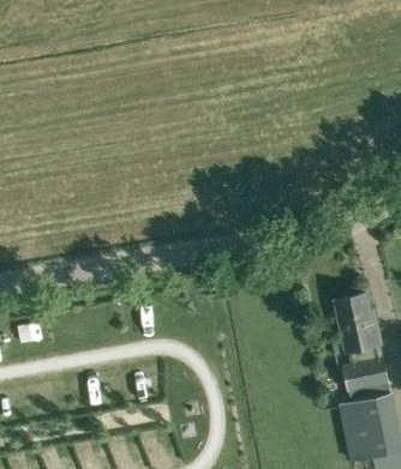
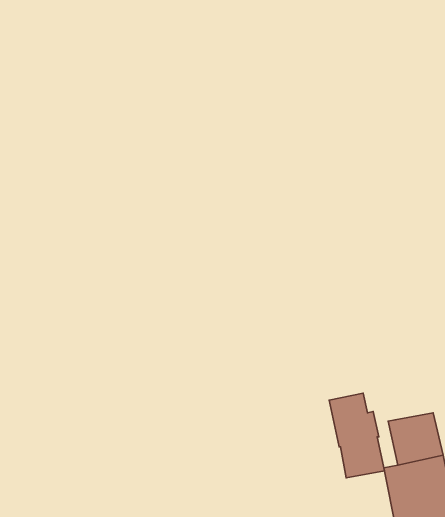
building: [334,289,381,361] -> [329,393,384,478]

